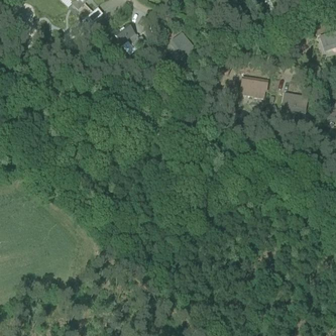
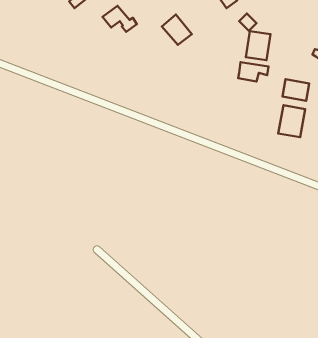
building: none -> [246,31,270,60]
building: none -> [278,105,305,137]

